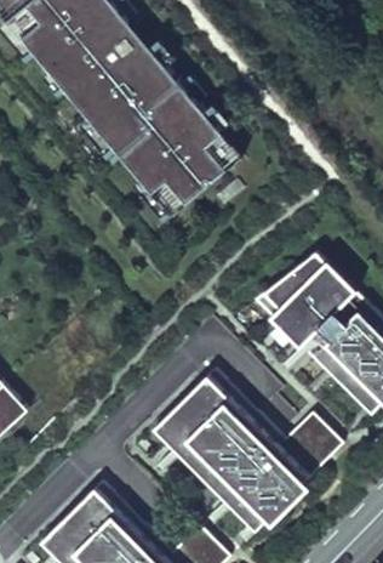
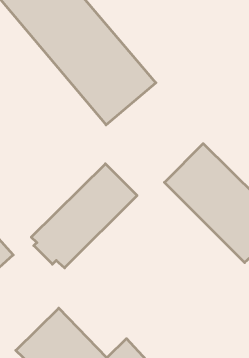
building: none -> [31,164,137,268]
building: [153,373,339,531] -> none

